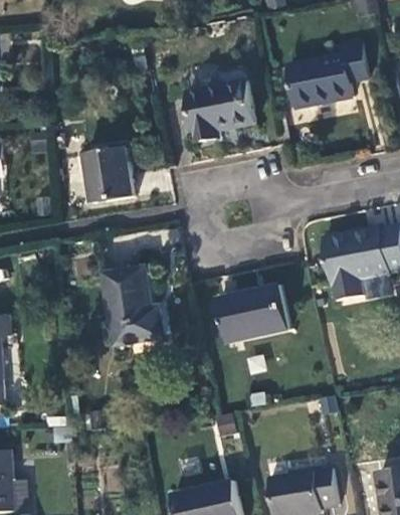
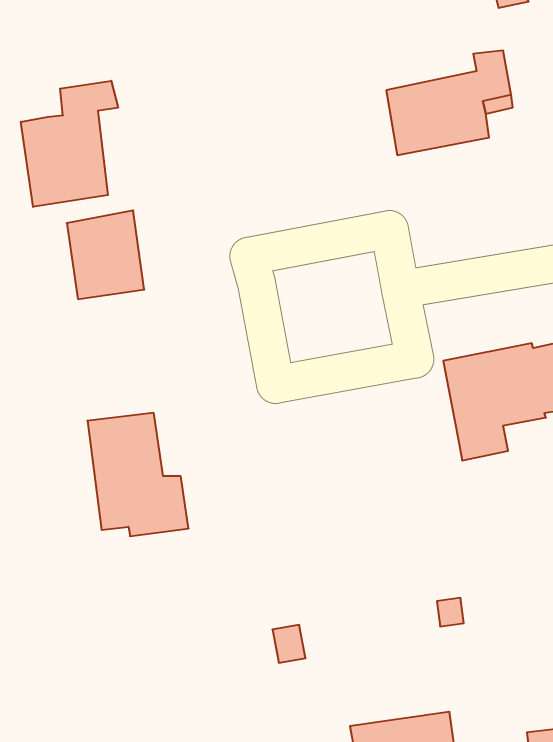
building: none -> [21,81,118,207]
building: [185,77,252,140] -> none
building: [218,287,286,342] -> none

